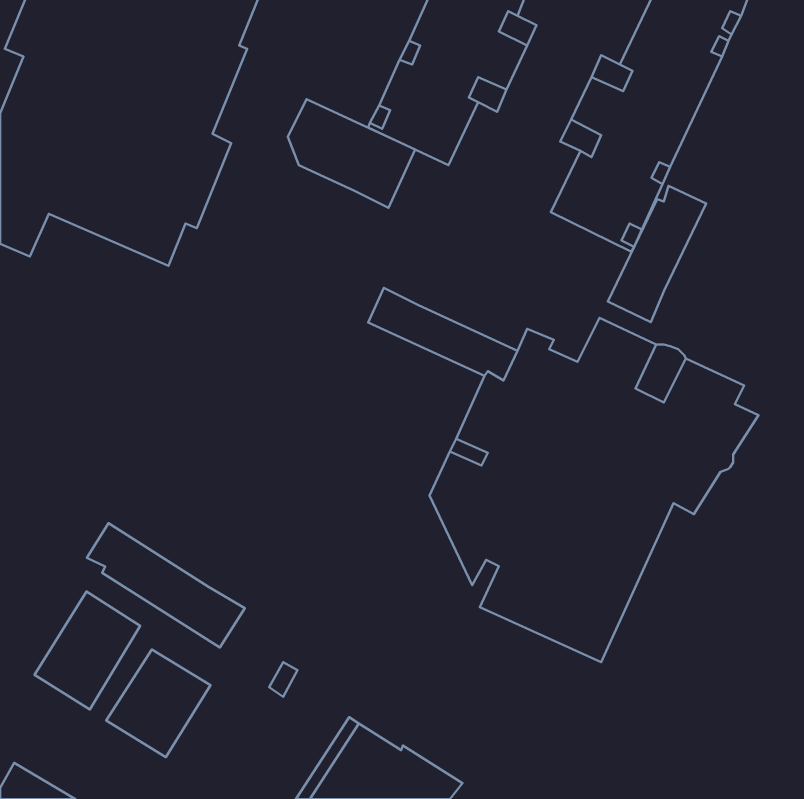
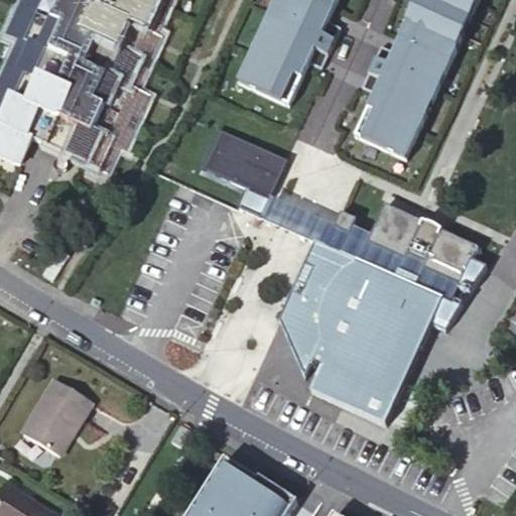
building: [288,99,415,208] -> [204,126,285,196]
building: [608,186,706,322] -> none
building: [87,523,245,648] -> none
building: [106,650,211,757] -> none

